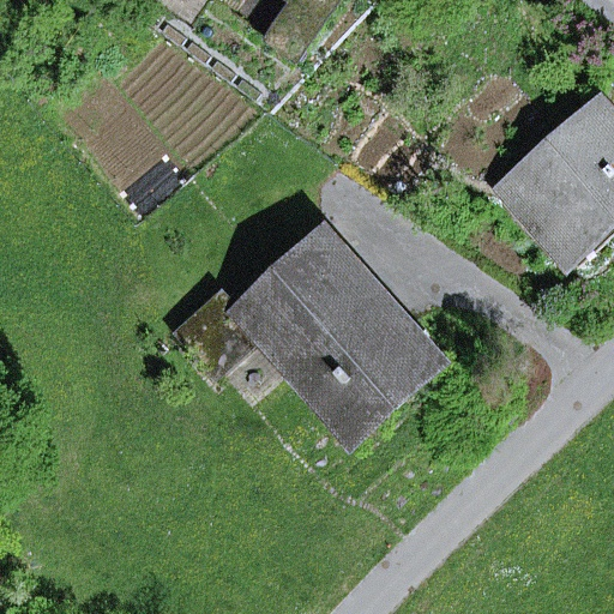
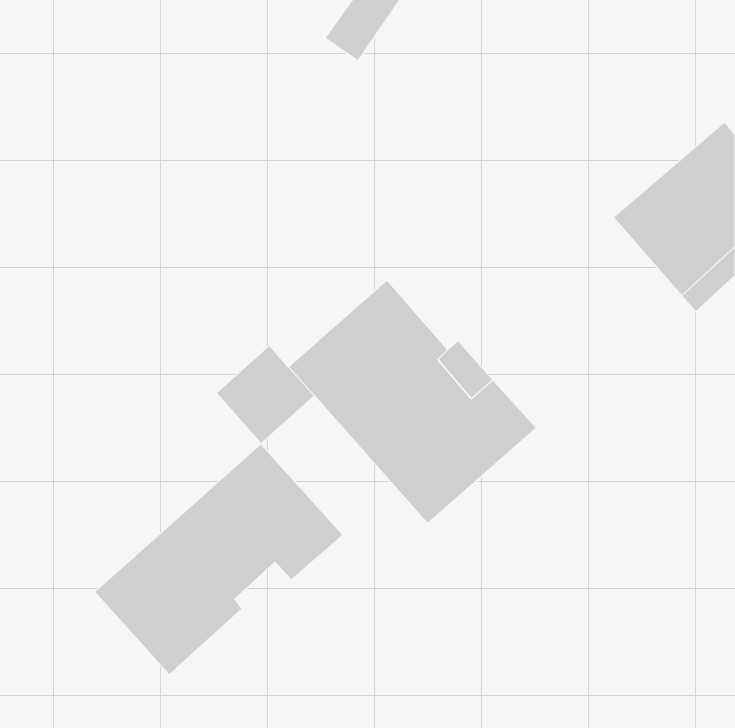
building: none -> [95,444,343,675]

